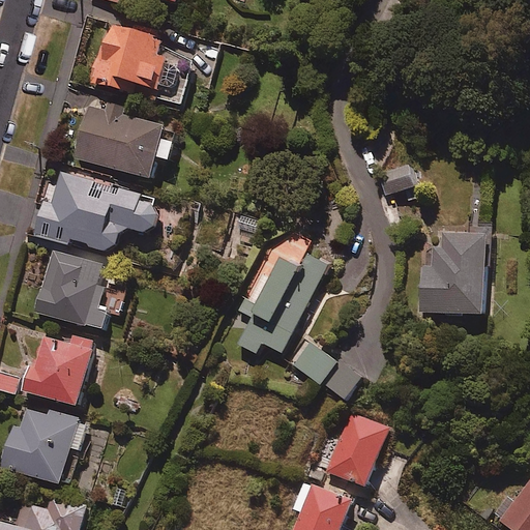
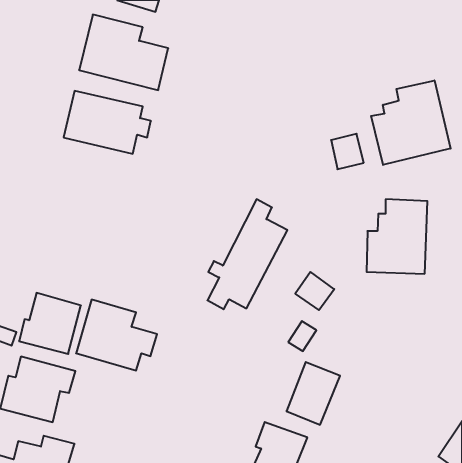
building: none -> [371,80,451,165]
building: [33,172,159,249] -> none
building: [33,251,125,331] -> [76,300,157,371]
building: [292,342,336,385] -> [295,272,334,310]

